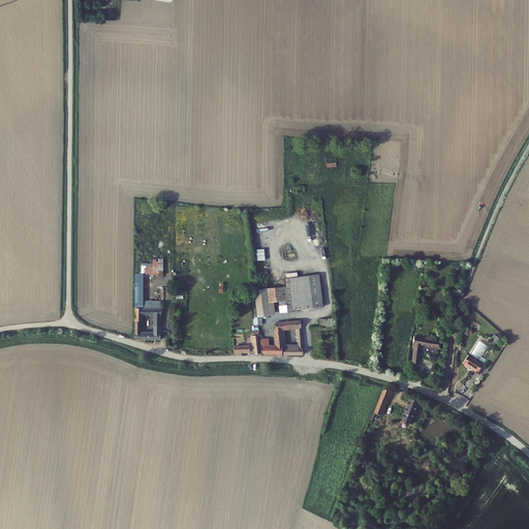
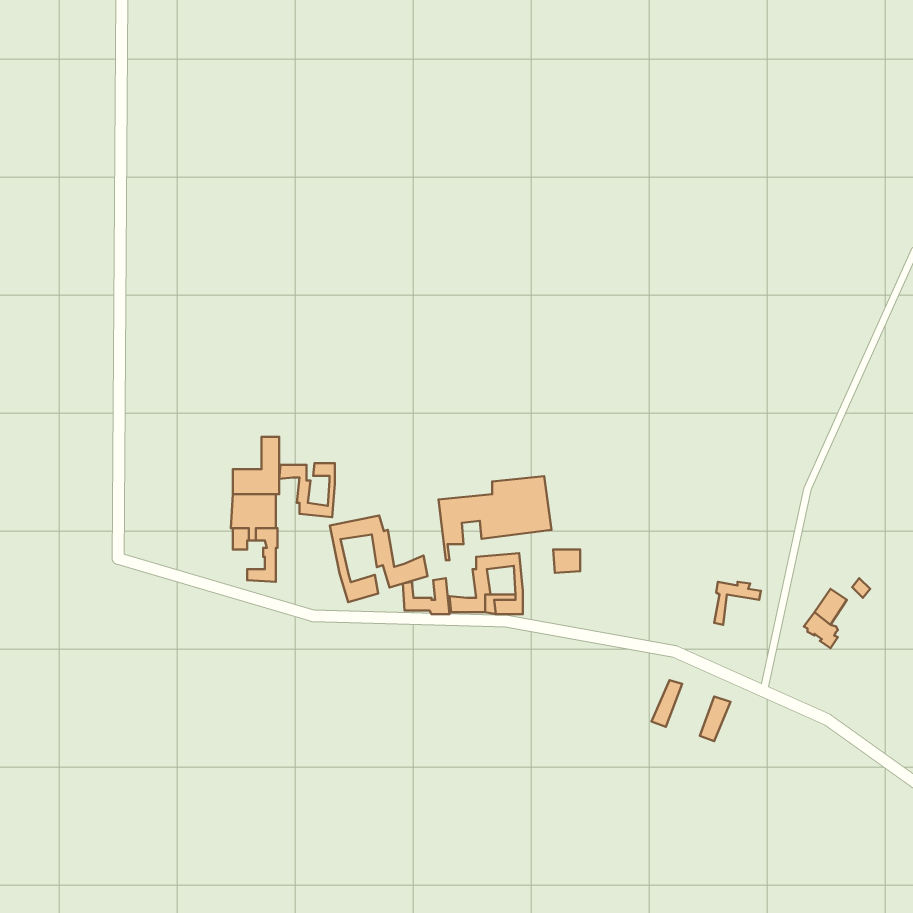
building: none -> [279,463,335,517]
building: none -> [330,515,428,602]

